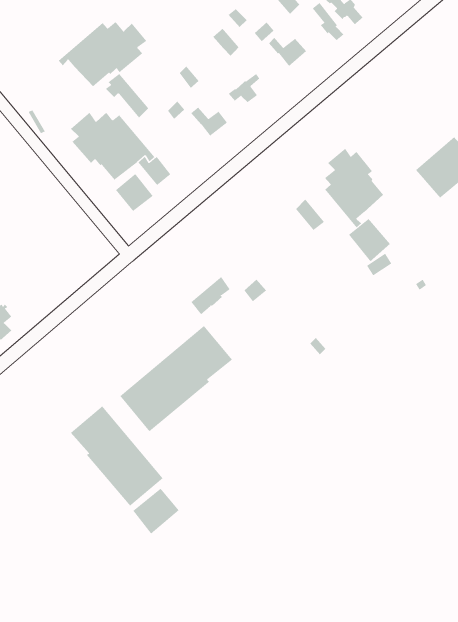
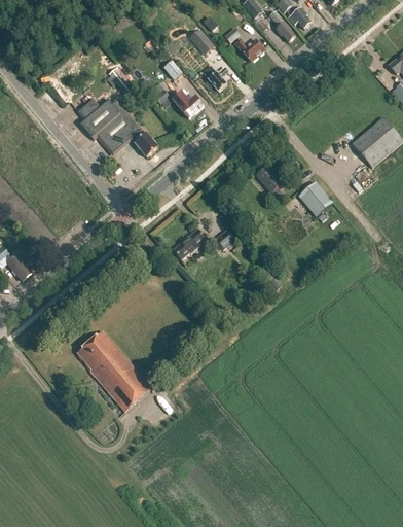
building: [58,21,147,87] -> none
building: [324,148,384,228] -> none
building: [115,173,153,212] -> none
building: [119,325,233,432] -> none
building: [132,488,179,534] -> none

